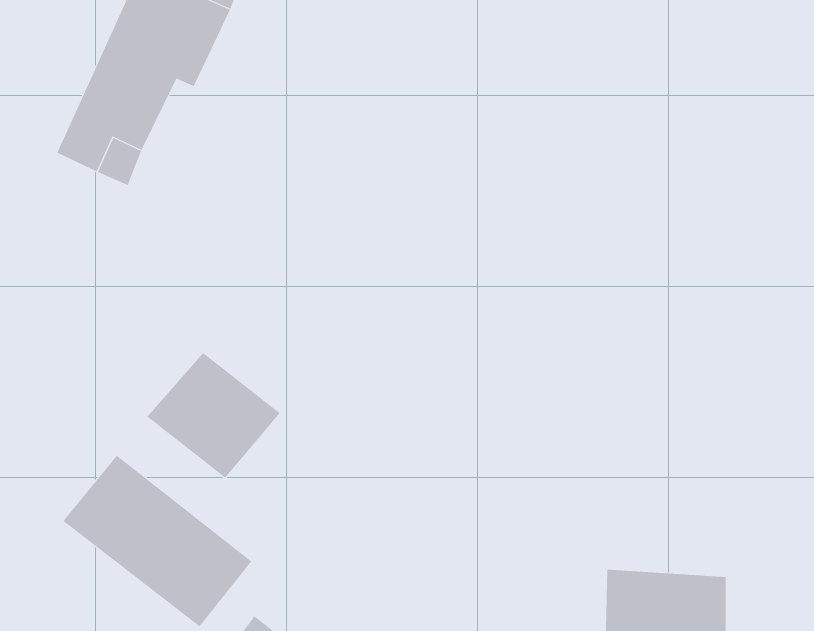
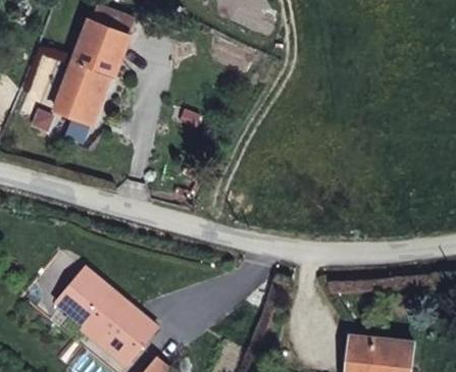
building: [146,352,281,479] -> none

